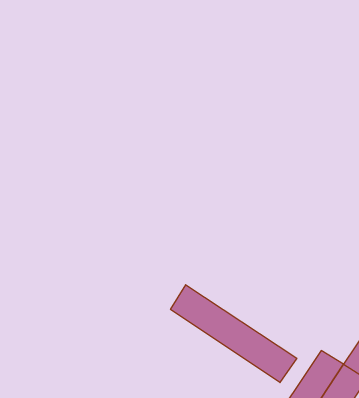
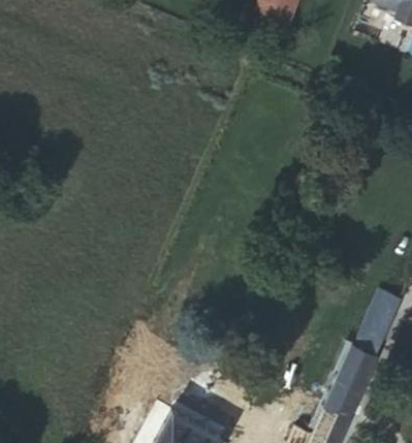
building: [171,285,297,383] -> none

